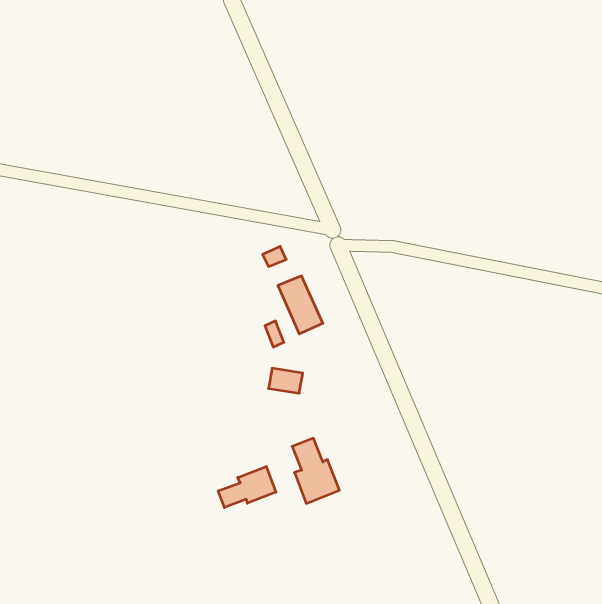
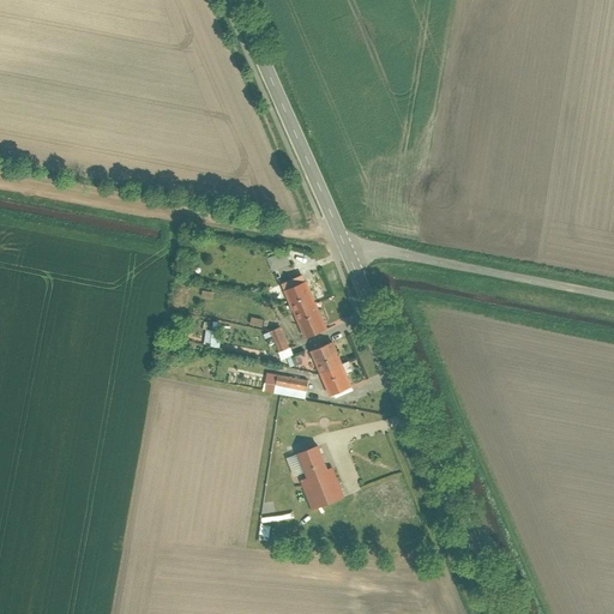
building: none -> [308,341,353,397]
building: [218,466,276,508] -> none

